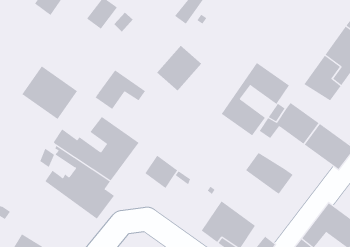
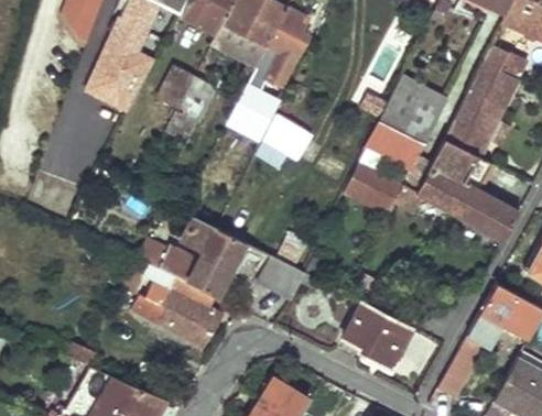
building: none -> [236,92,277,133]
building: none -> [378,86,442,144]
building: [21,66,78,120] -> none
building: [95,69,146,110] -> none
building: [245,152,293,195] -> [427,140,489,189]

